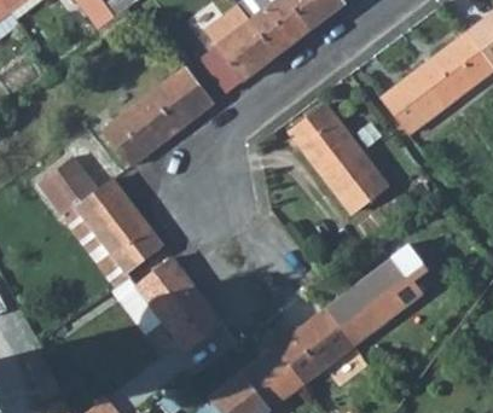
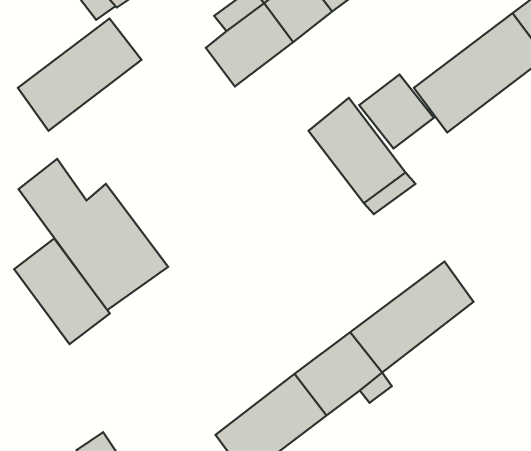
building: [105,66,213,164] -> [18,18,142,131]
building: none -> [359,74,434,149]
building: [138,257,221,349] -> [14,239,110,344]

